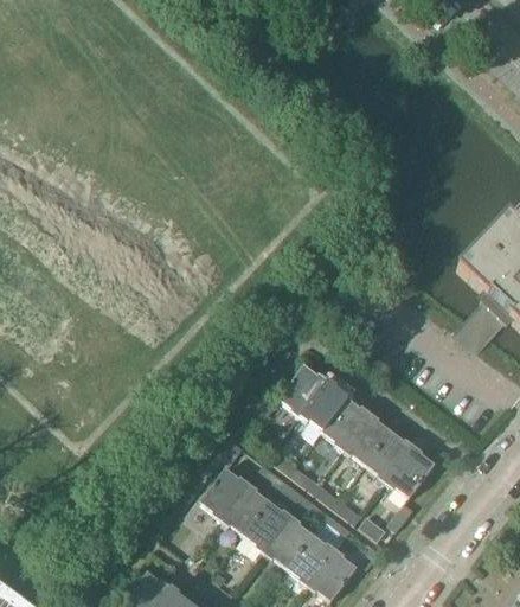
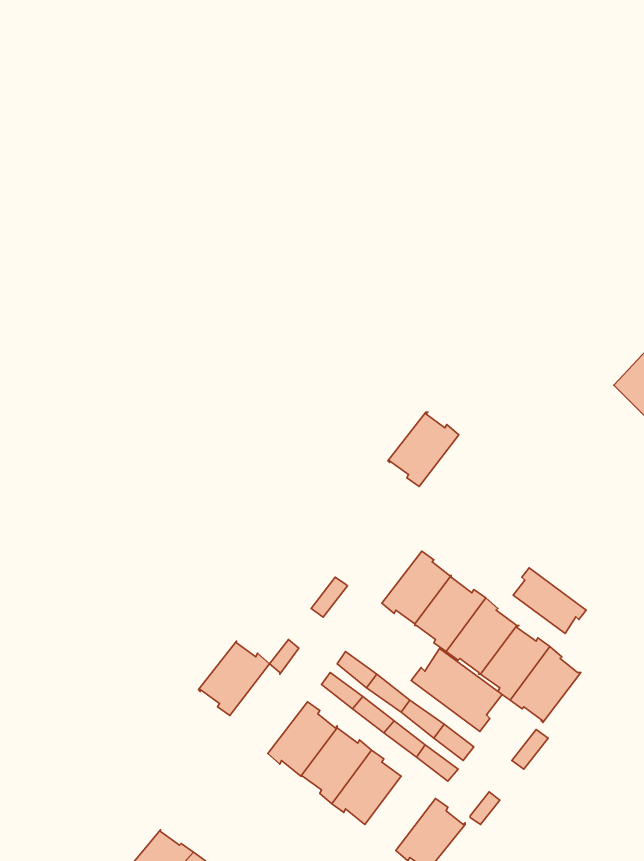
building: [277,365,326,416] -> [388,412,459,487]
building: none -> [513,568,586,633]
building: none -> [411,649,502,731]
building: [199,468,248,519] -> [199,641,270,716]
building: [287,535,335,586] -> none

